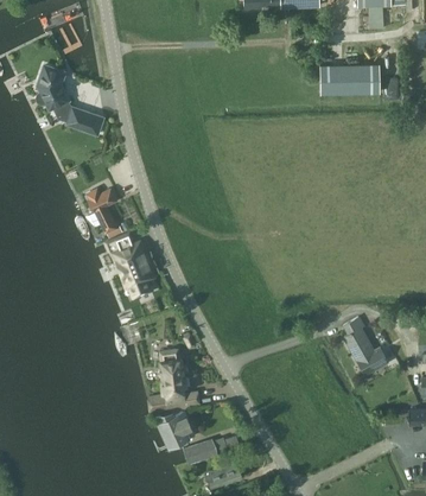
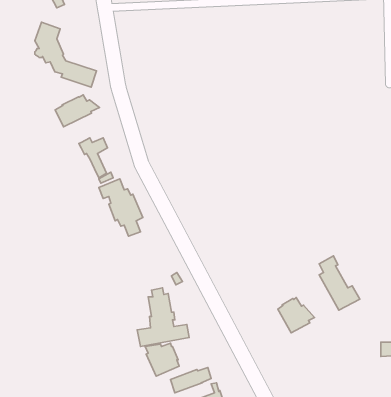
building: [320,63,381,94] -> none
building: none -> [55,95,99,127]
building: none -> [278,298,314,333]

